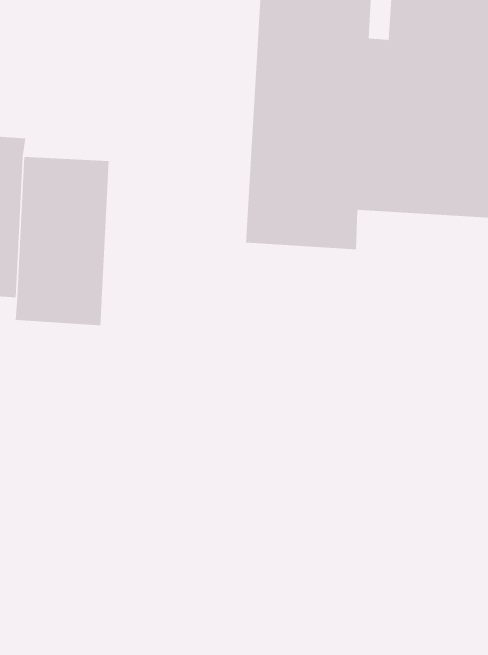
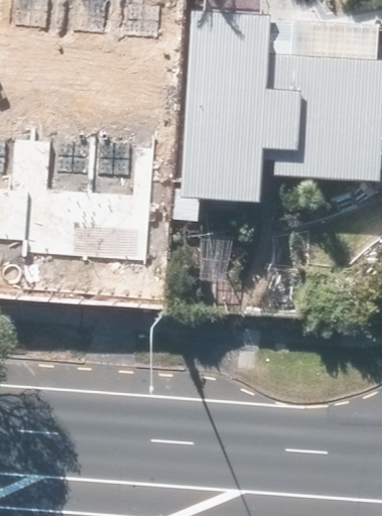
building: none -> [78,142,146,263]

